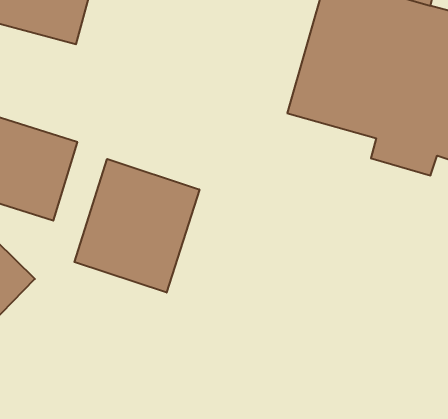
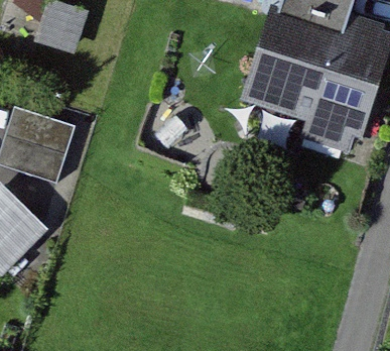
building: [74,159,199,293] -> none

